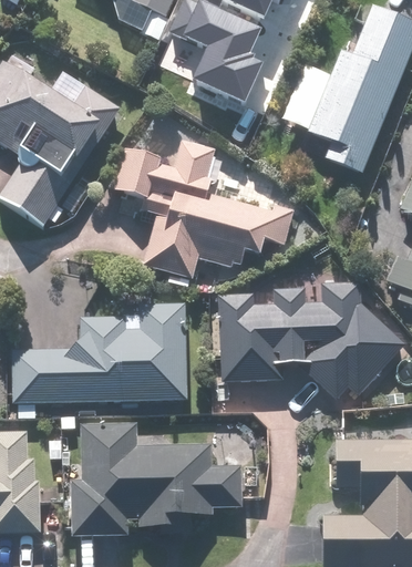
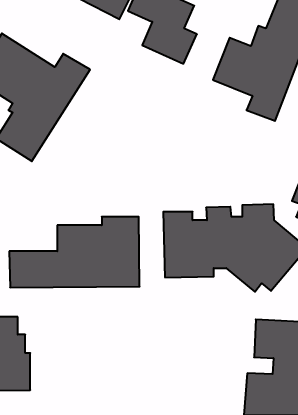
building: [117,143,291,277] -> none
building: [70,420,241,538] -> none

